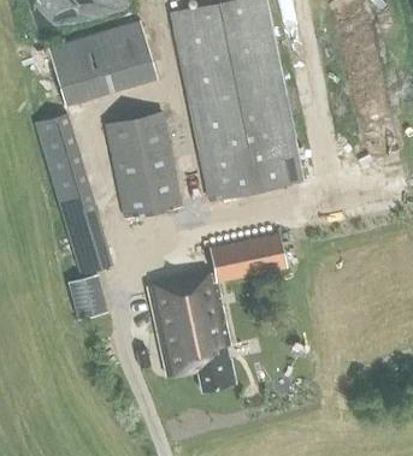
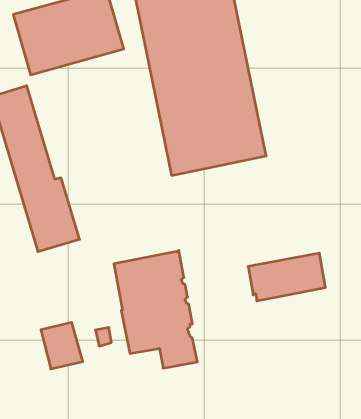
building: [105,112,183,220] -> none
building: [210,235,285,282] -> [248,253,325,301]
building: [67,274,108,320] -> [41,322,83,369]

